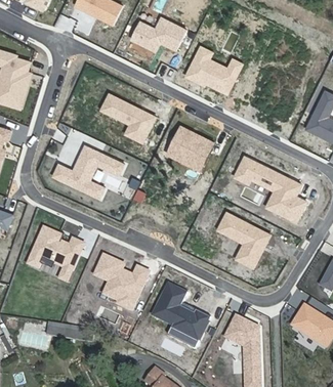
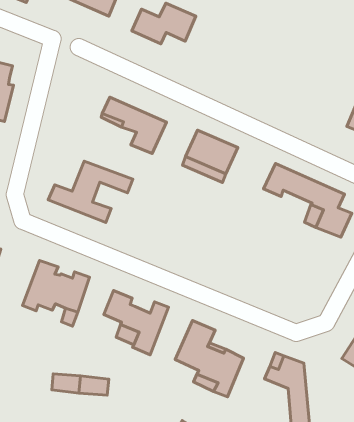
building: [184,47,241,94] -> none
building: [217,212,268,267] -> none

